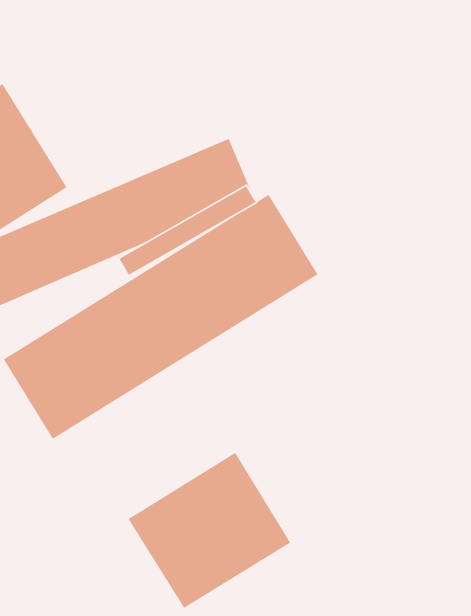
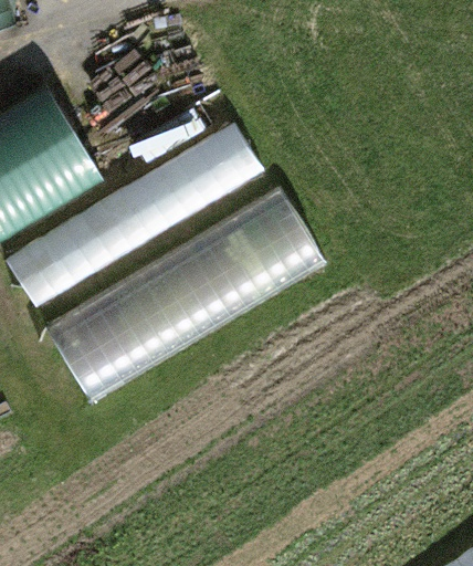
building: [128,452,291,609] -> none

